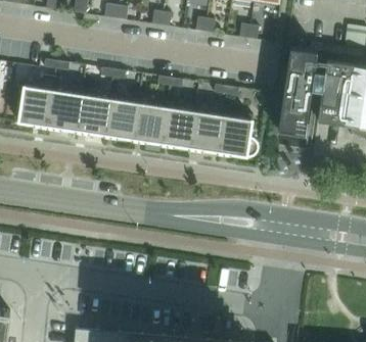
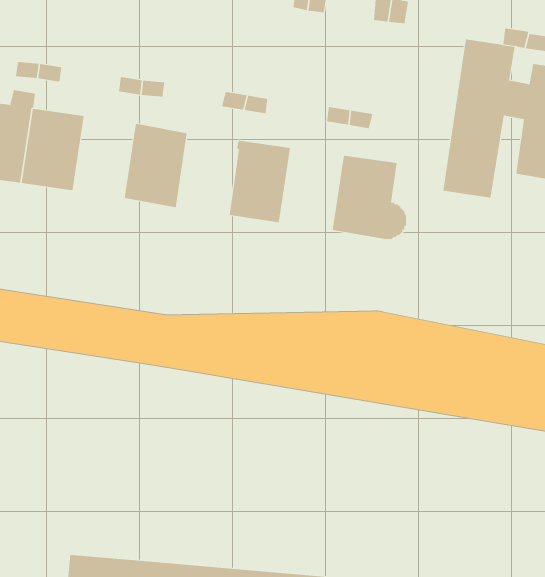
building: [76,89,109,134] -> none
building: [132,94,166,143] -> none
building: [188,106,223,151] -> none

